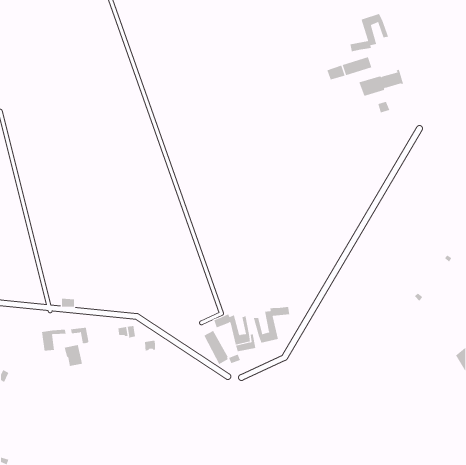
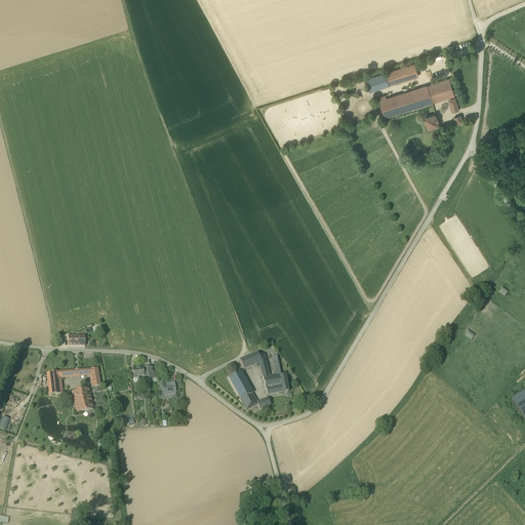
building: [350,13,389,52] -> none
building: none -> [379,92,409,117]
building: [253,306,290,344] -> none

